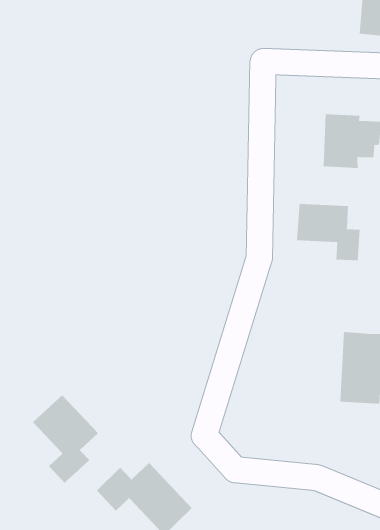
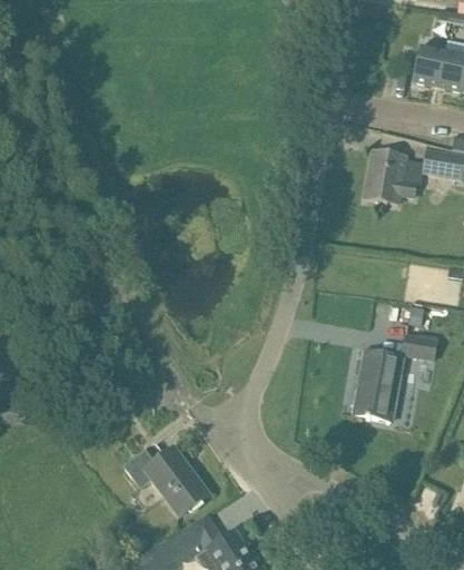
building: [297,203,360,261] -> none
building: [32,395,99,484] -> none

